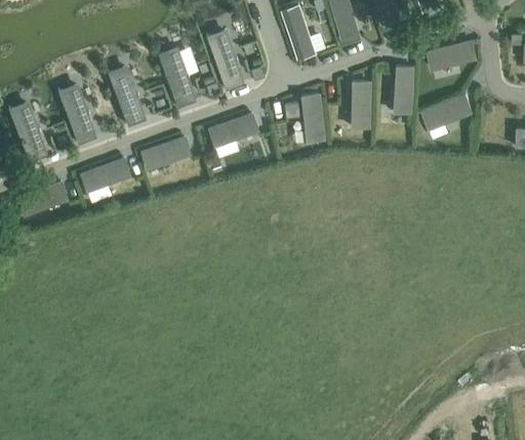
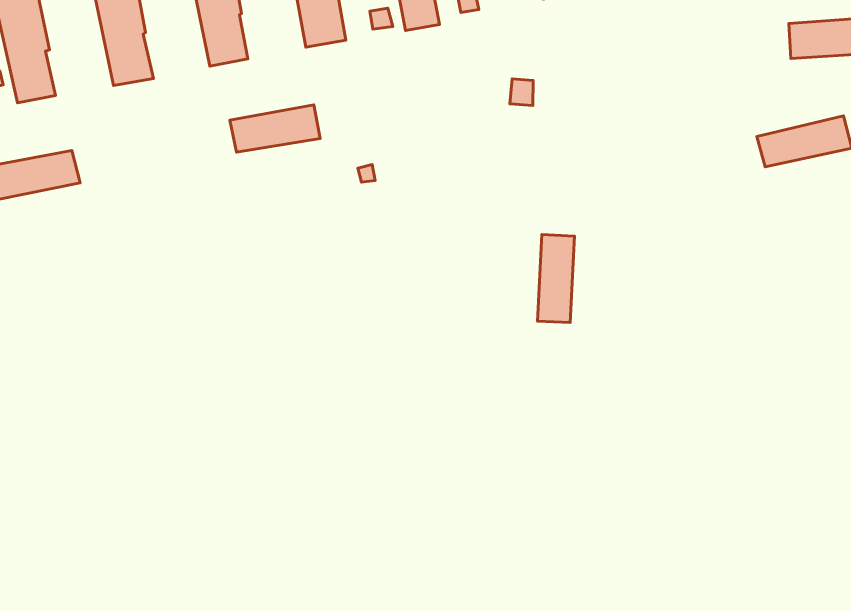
building: [394,67,414,115] -> none
building: [353,82,370,127] -> none
building: [301,93,324,142] -> [537,235,575,323]
building: [208,114,258,146] -> none
building: [81,158,130,191] -> none

